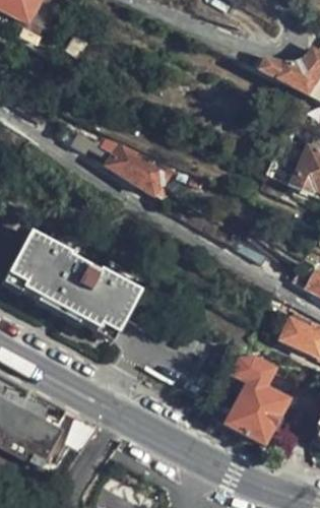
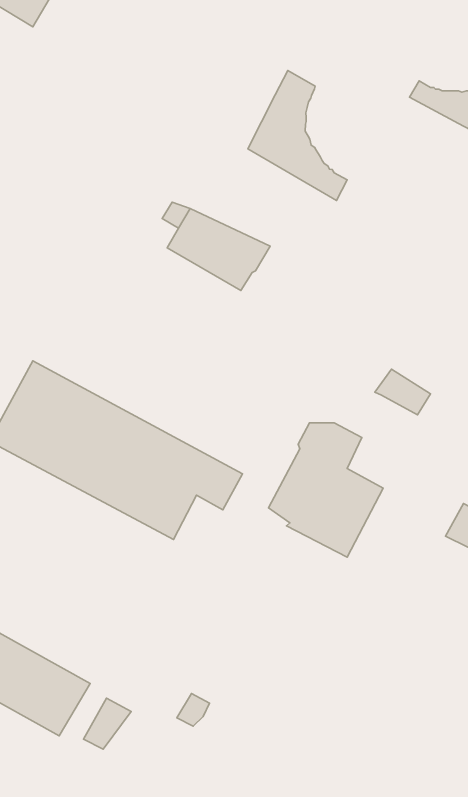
building: none -> [248,71,347,200]
building: [218,360,290,443] -> [269,423,383,557]

